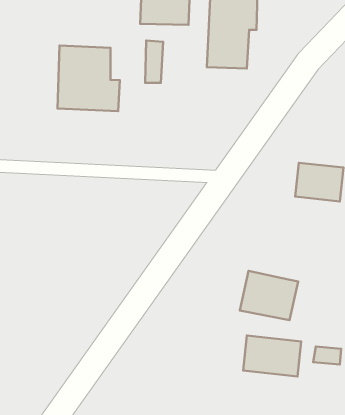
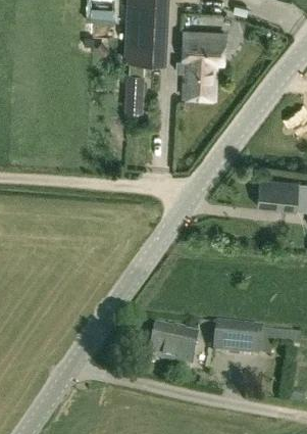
building: [58,46,120,111] -> none
building: [240,271,298,320] -> [148,328,197,370]

